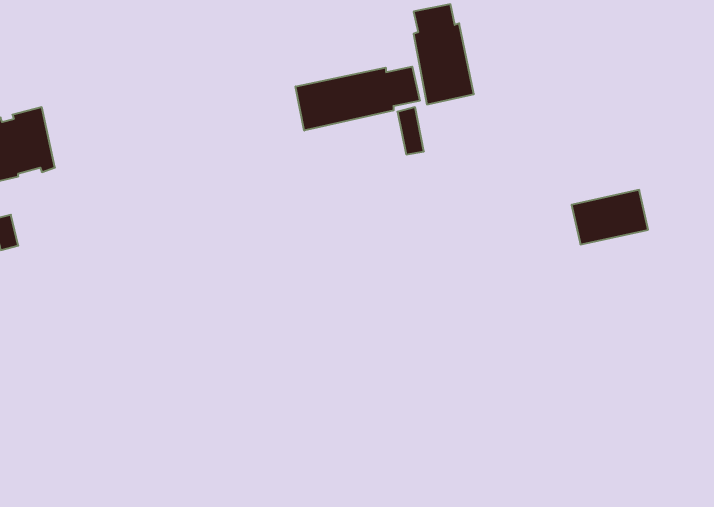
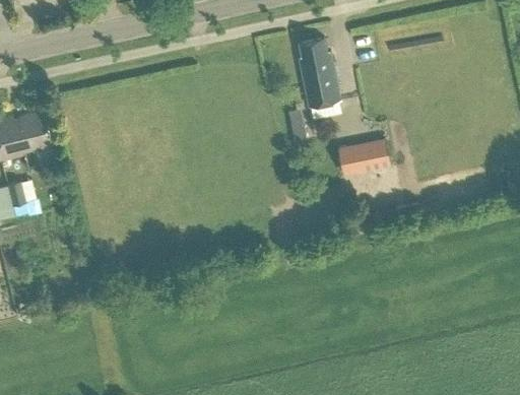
building: [296,67,420,131] -> none
building: [572,190,648,244] -> [338,138,391,176]

